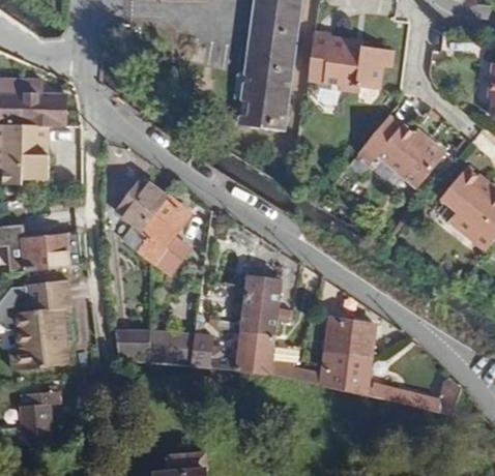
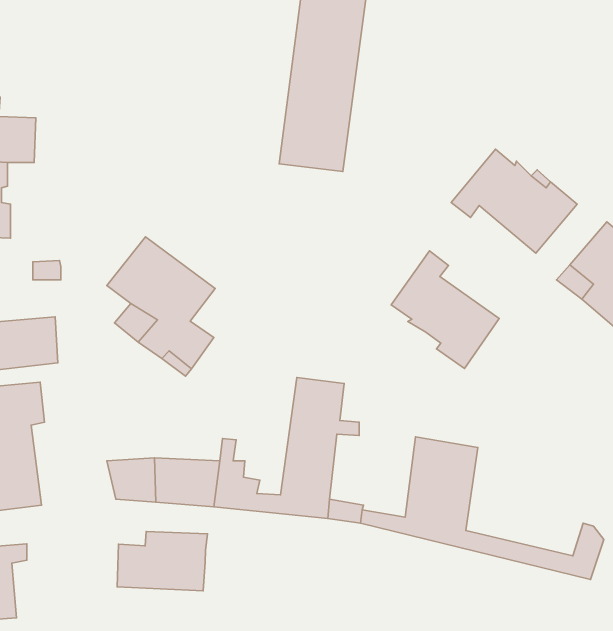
building: [307,36,385,92] -> none
building: none -> [391,251,499,369]
building: none -> [117,532,207,591]

